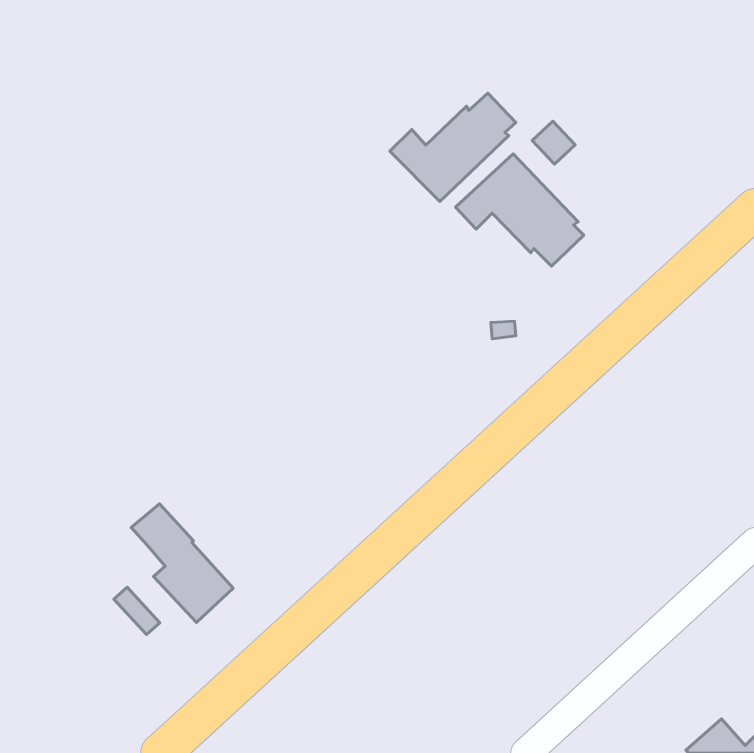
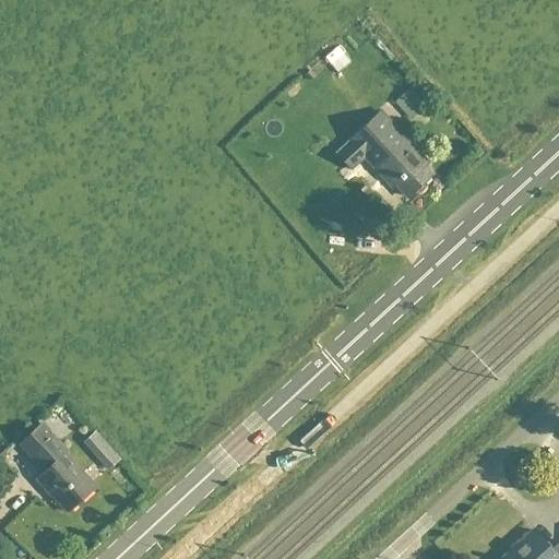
building: [390,93,516,201] -> none
building: [131,504,233,622] -> [21,425,96,512]

